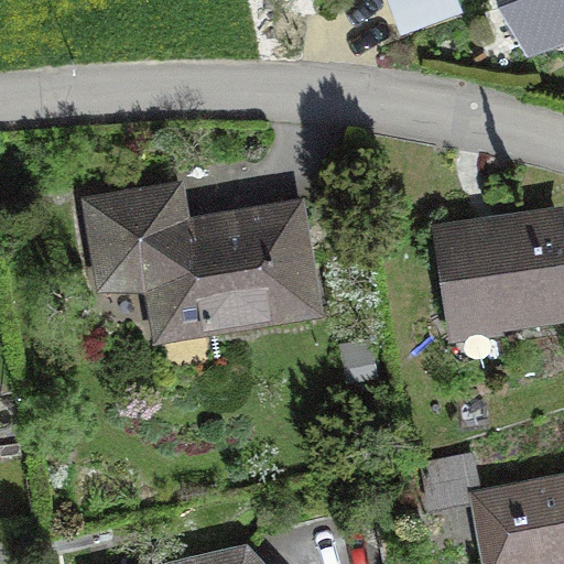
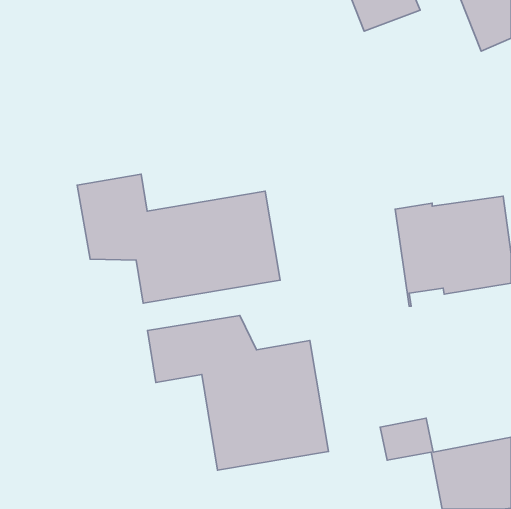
building: none -> [147,315,329,470]

